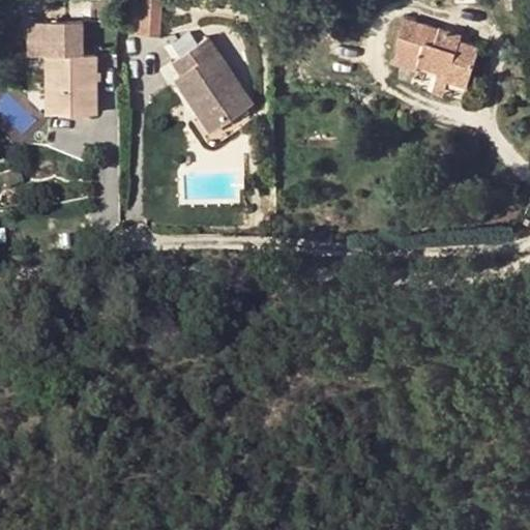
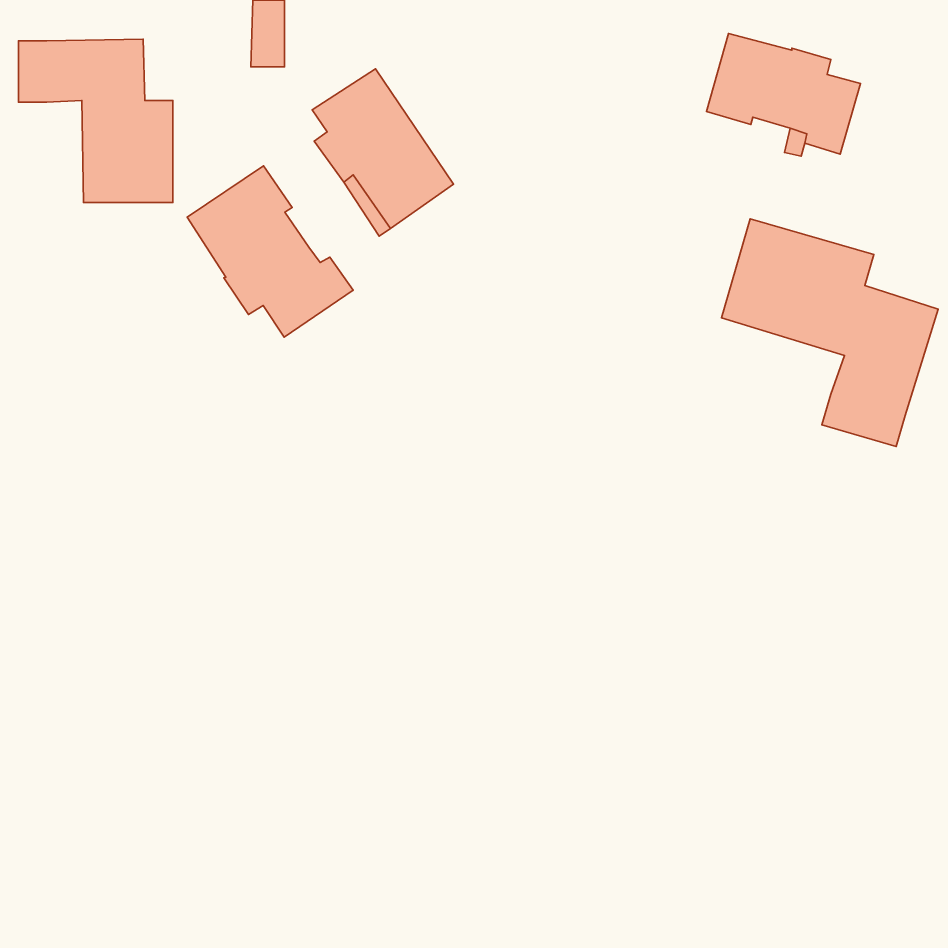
building: none -> [187,166,353,337]
building: none -> [722,219,938,446]

